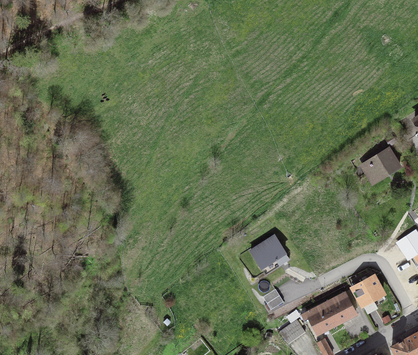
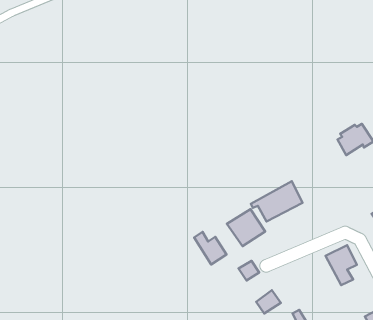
building: none -> [194,232,227,264]
building: [302,292,355,333] -> [251,181,303,221]

